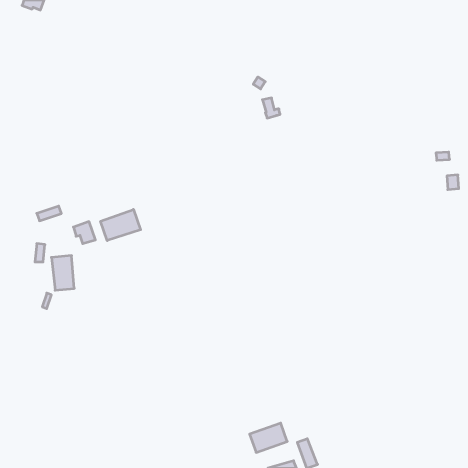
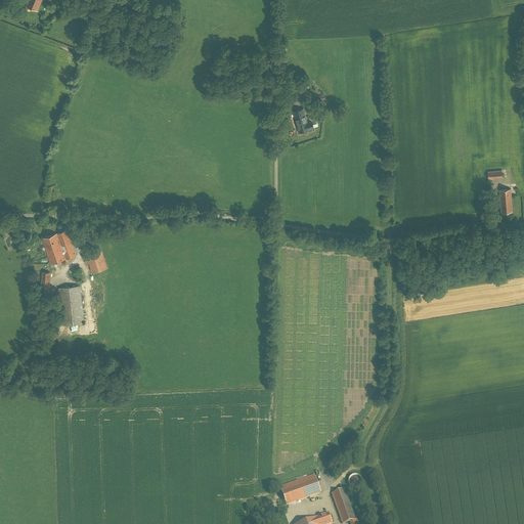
building: [101,209,141,241] -> none
building: none -> [44,238,75,263]

